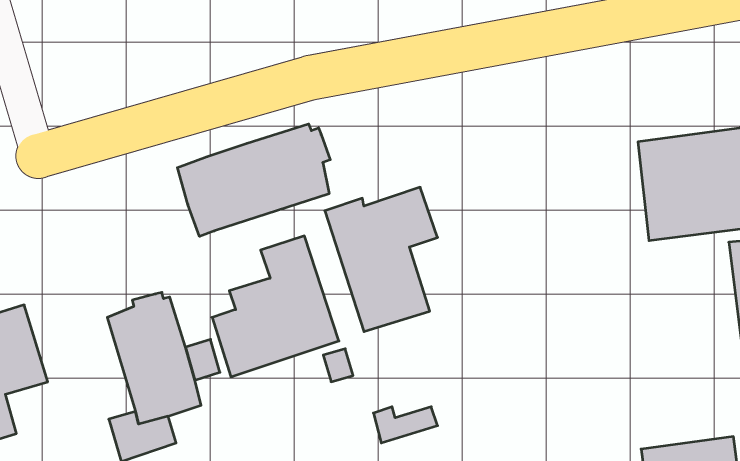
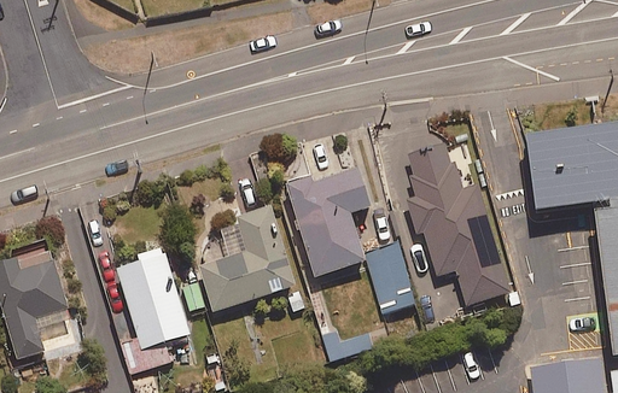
building: [177,124,330,236] -> none
building: none -> [390,146,511,306]
building: none -> [369,241,418,313]

